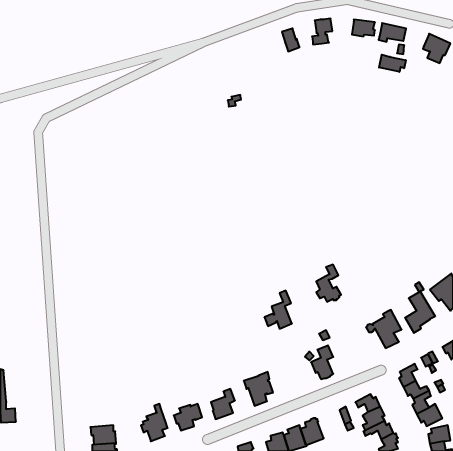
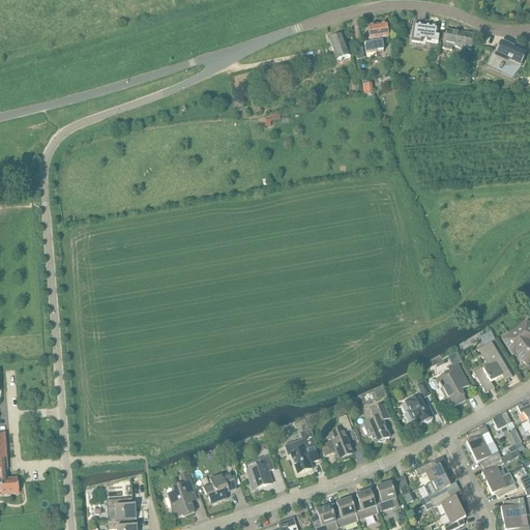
building: [379,55,406,72] -> none
building: [316,265,341,302] -> [405,380,434,423]
building: [264,291,292,329] -> [321,413,353,458]
building: none -> [371,480,399,510]

